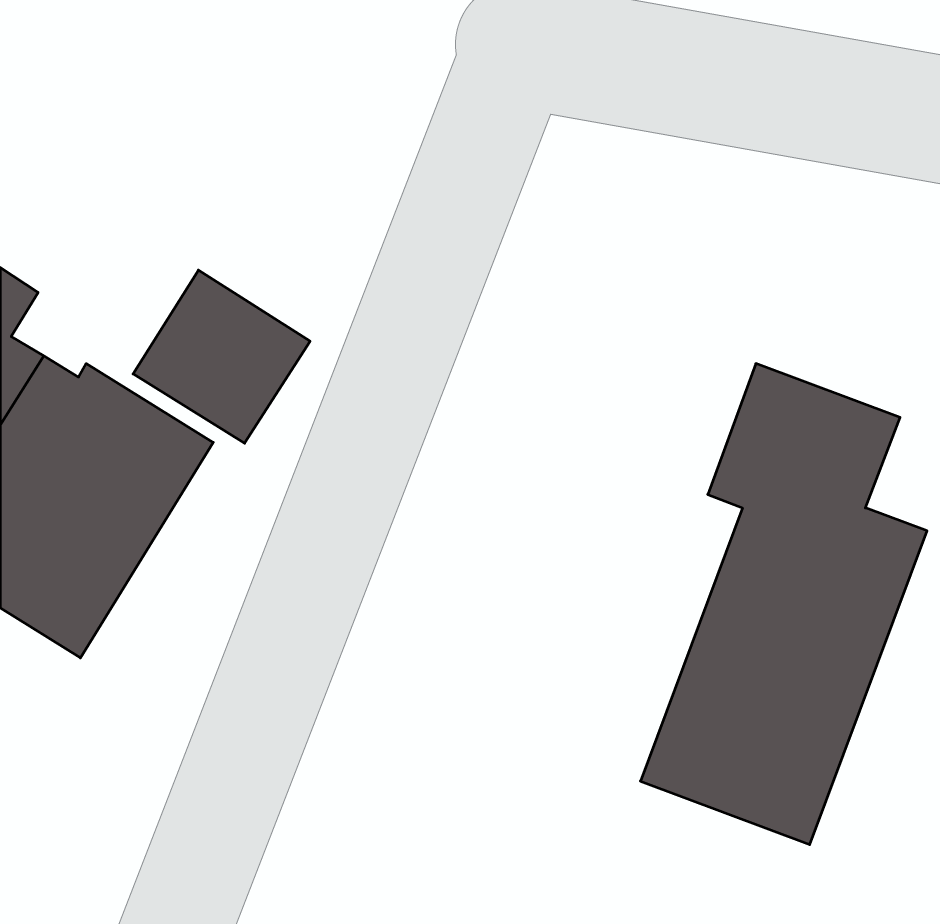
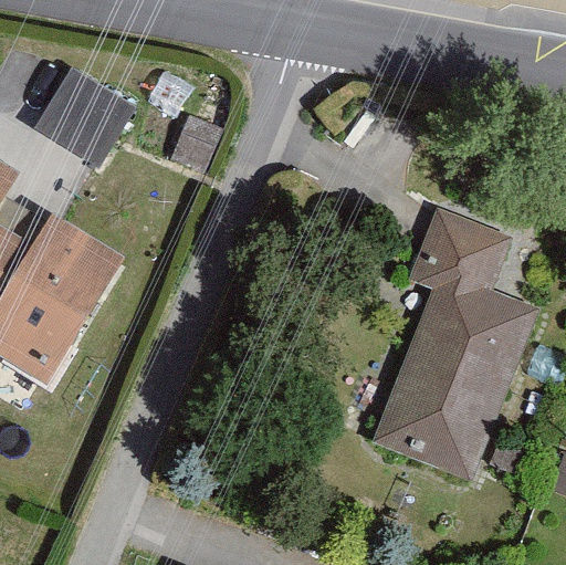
building: [133,270,310,443] -> [36,65,138,165]

